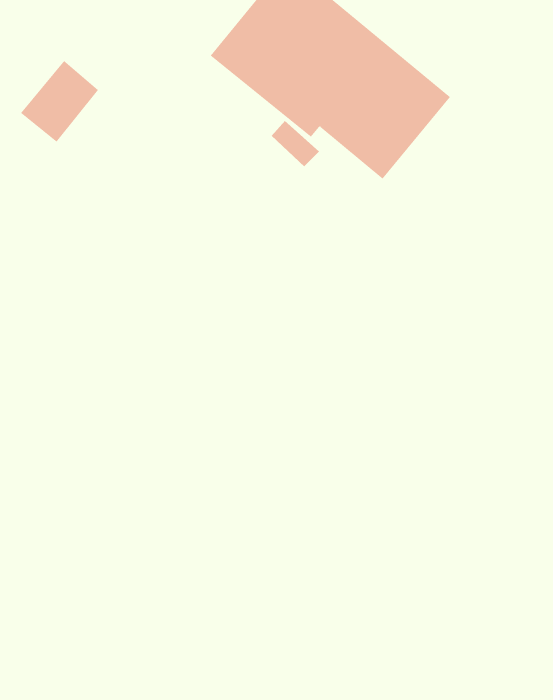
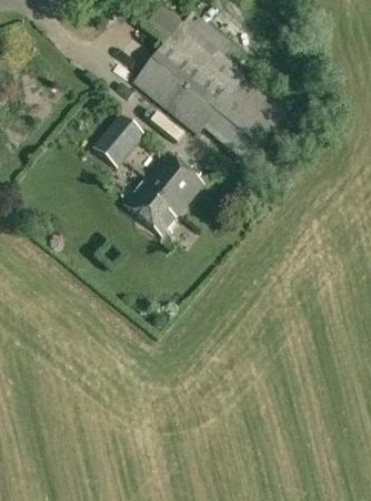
building: [20,60,99,142] -> [93,113,143,165]
building: none -> [123,151,204,234]

